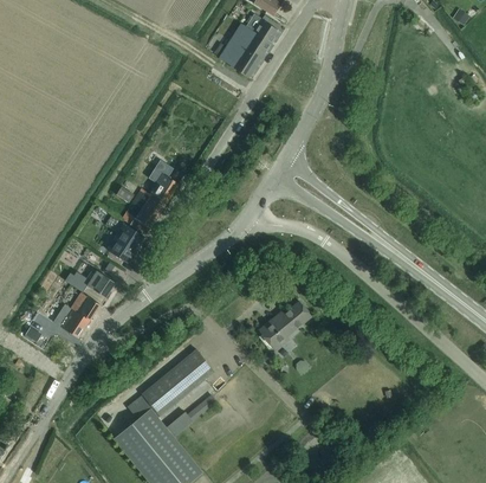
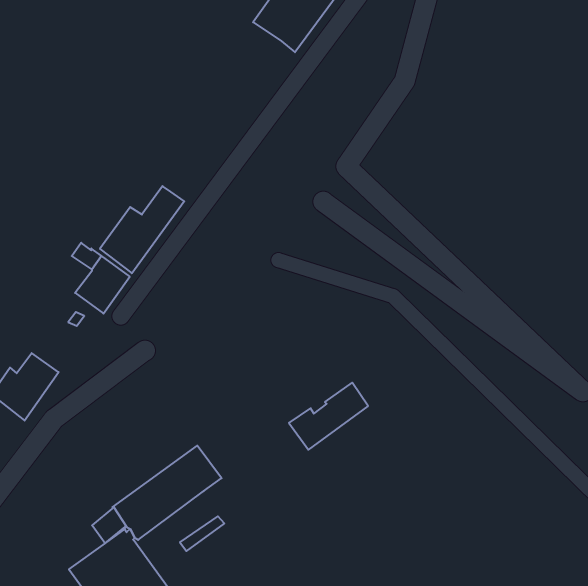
building: [66,270,115,297] -> none

